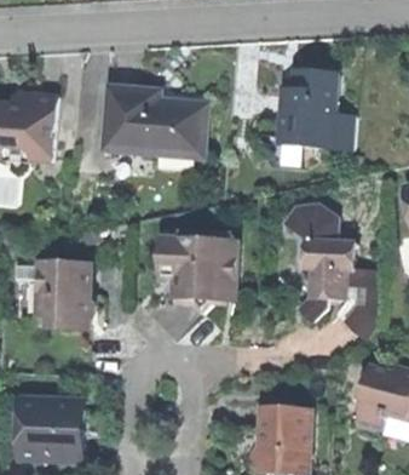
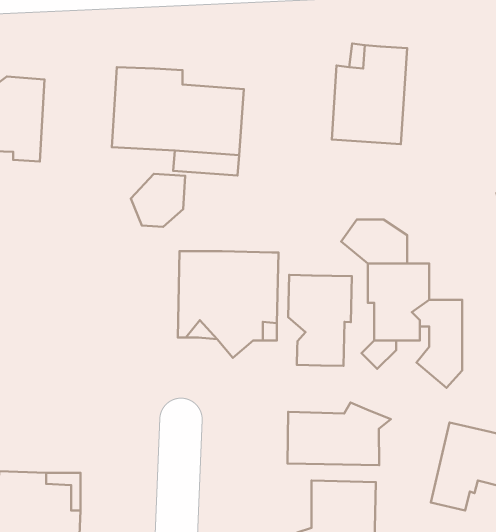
building: none -> [131,174,185,227]
building: none -> [288,275,352,366]
building: [39,265,90,327] -> none
building: none -> [287,403,391,465]

